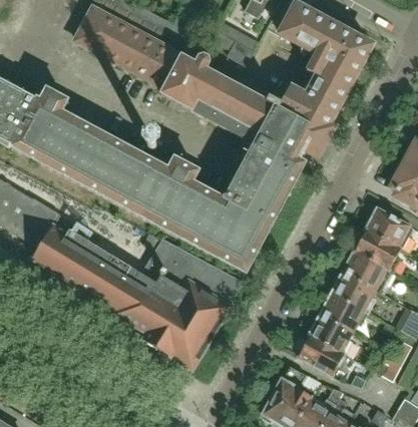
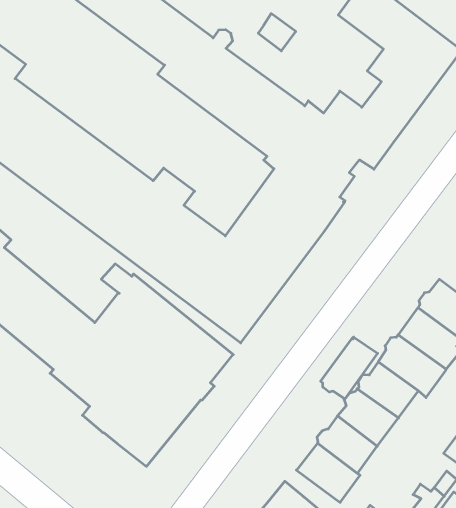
building: none -> [321,337,378,399]

